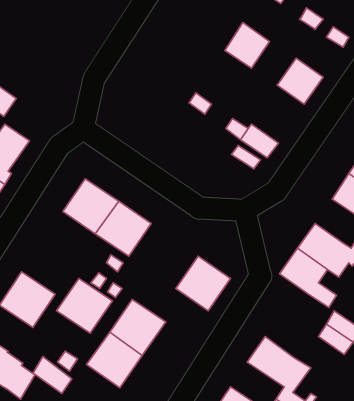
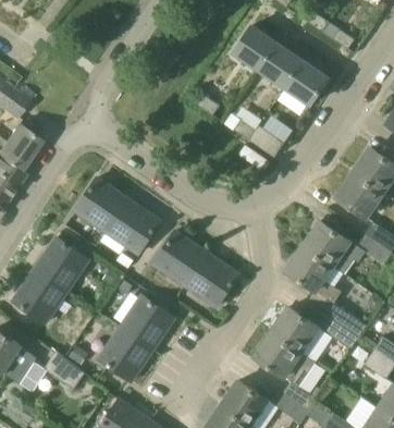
building: none -> [258,45,301,87]
building: none -> [152,232,206,285]
building: [57,278,112,333] -> [34,237,88,291]
building: none -> [271,308,317,353]

